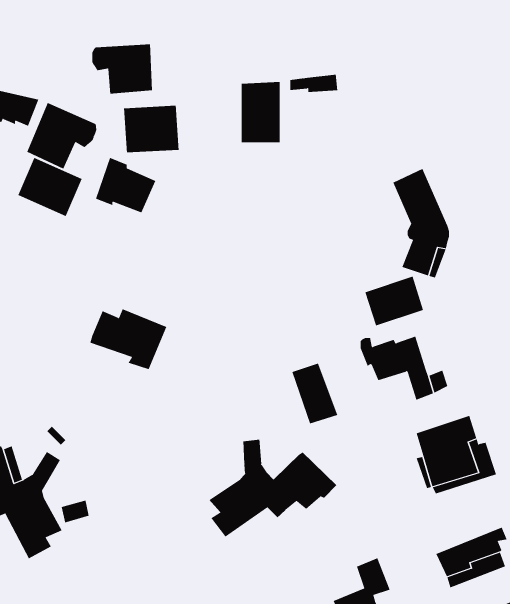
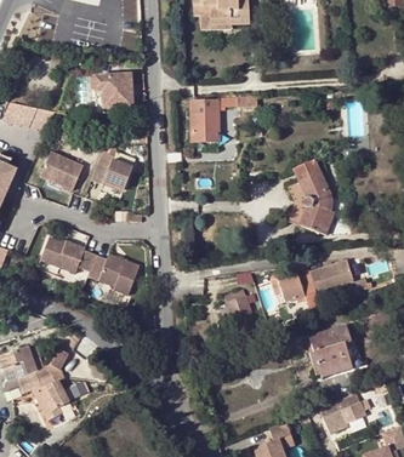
building: [26,102,97,170] -> none
building: [124,105,179,153] -> none
building: [365,276,424,326] -> [308,259,348,293]
building: none -> [41,236,97,272]
building: [209,439,337,537] -> none

